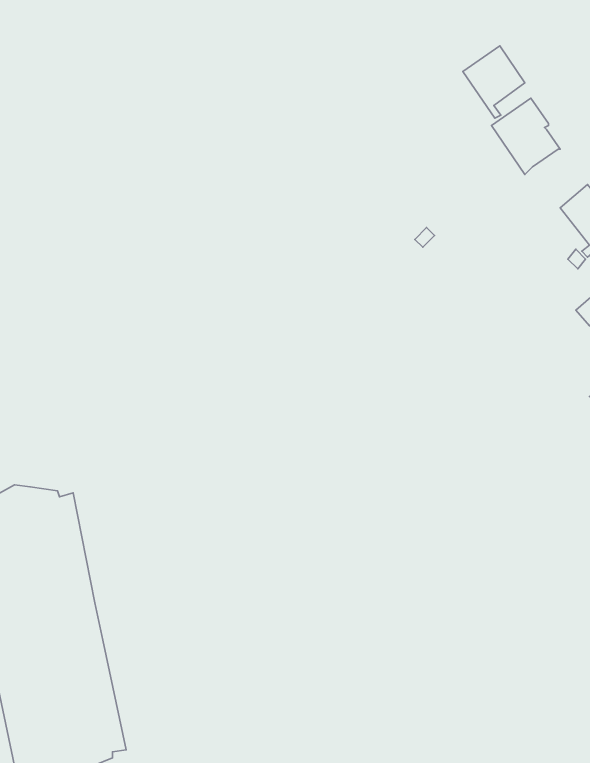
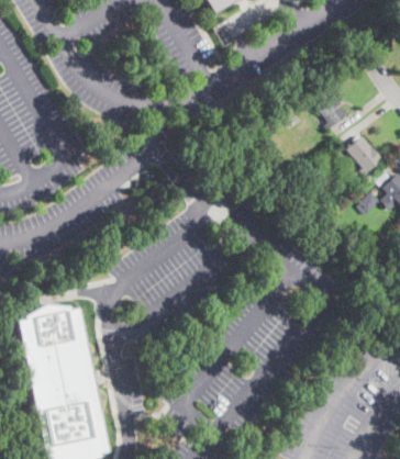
building: [463,46,525,118] -> none

